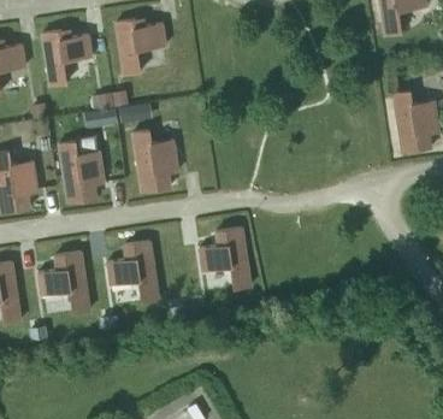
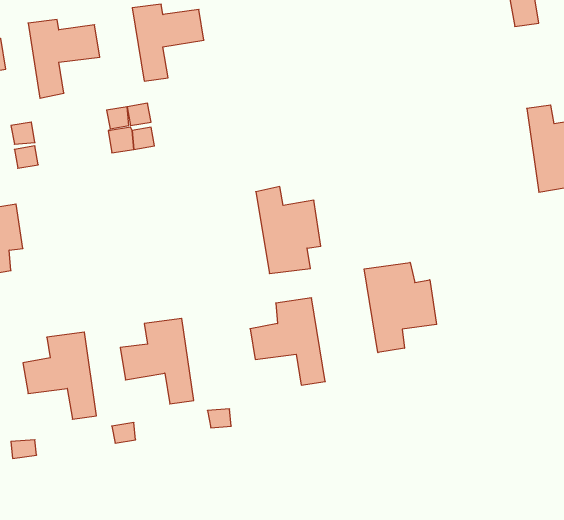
building: [131,130,177,191] -> [256,187,321,274]
building: [59,142,104,202] -> none
building: none -> [364,262,437,353]

